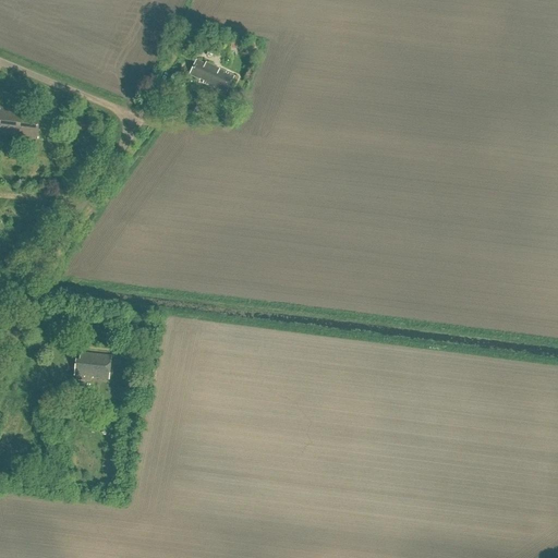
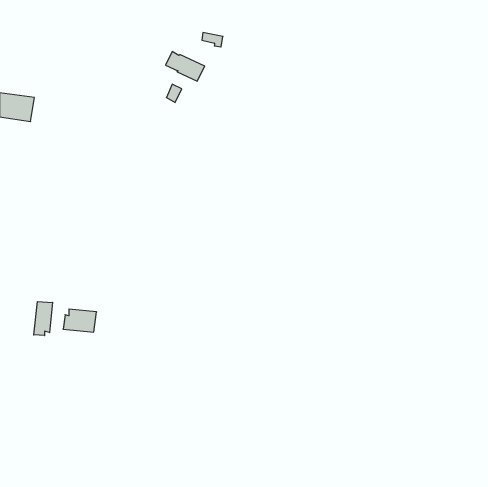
building: none -> [34,302,53,336]

